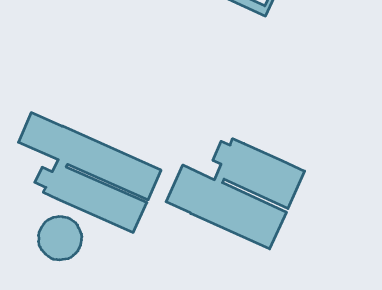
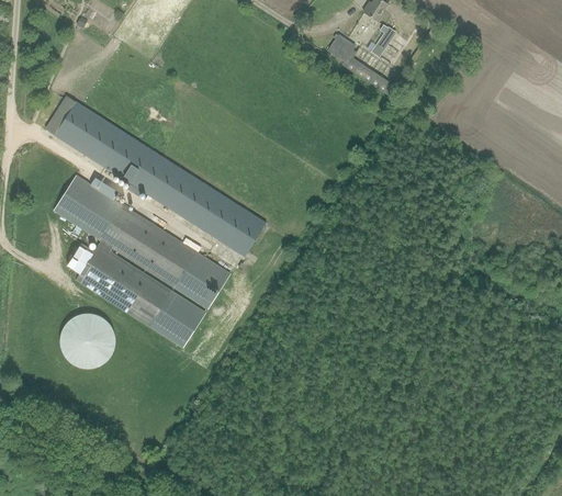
building: none -> [54,100,266,256]
building: [166,139,305,249] -> none

